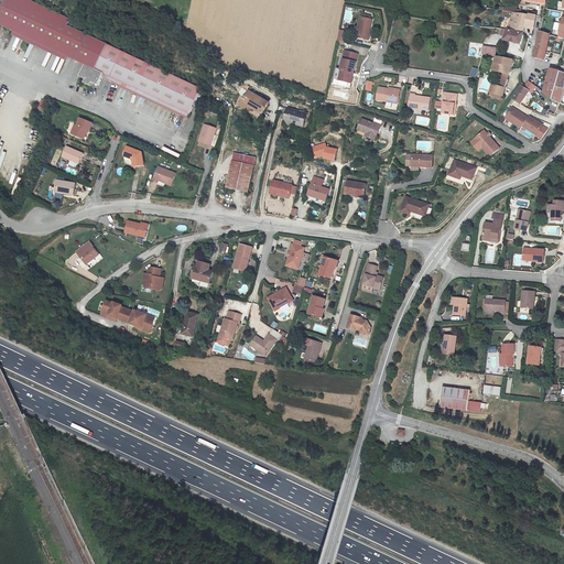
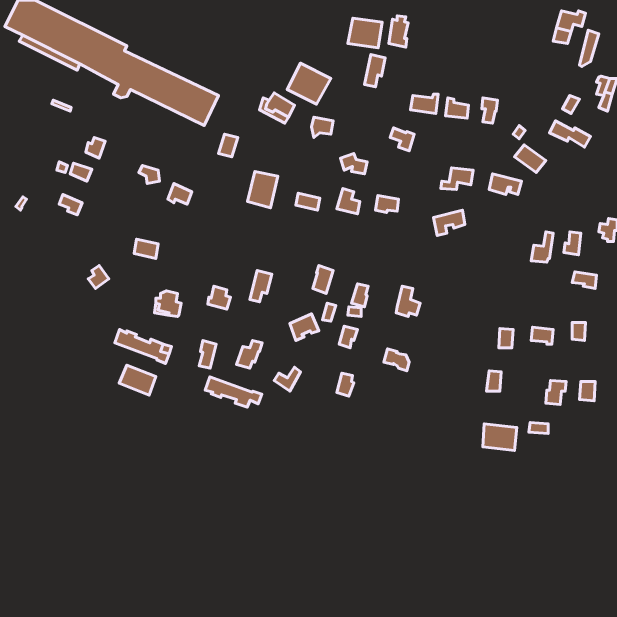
building: none -> [348,18,382,48]
building: [486,54,509,94] -> none
building: none -> [287,63,331,104]
building: none -> [119,365,156,395]
building: none -> [205,377,262,407]

